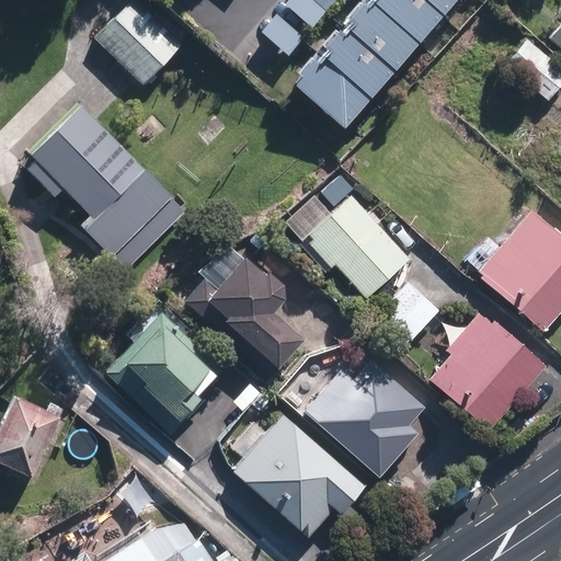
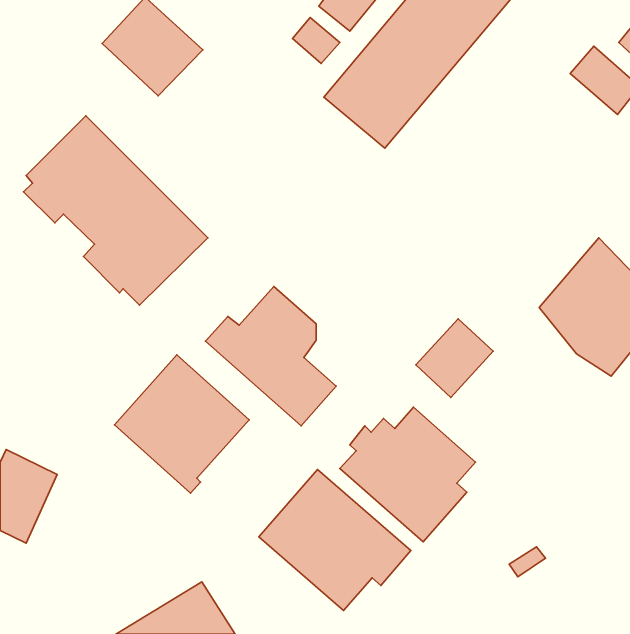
building: [284,195,411,299] -> none
building: [431,313,545,428] -> none

